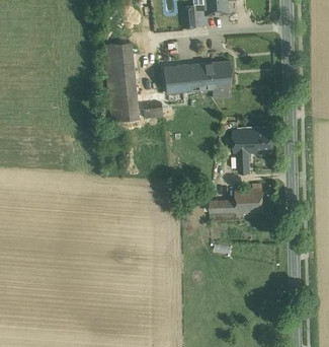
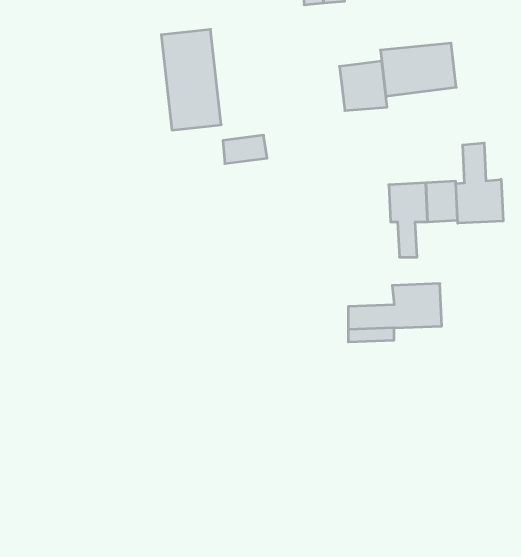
building: [165,63,209,93] -> [380,43,456,96]
building: [109,96,140,122] -> none
building: none -> [456,143,503,223]

